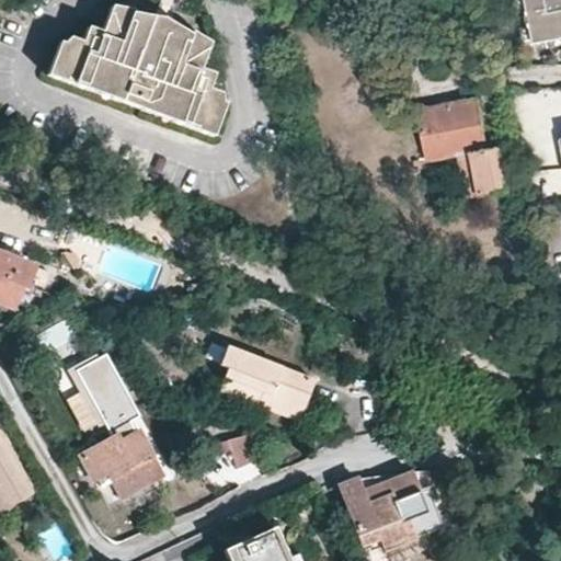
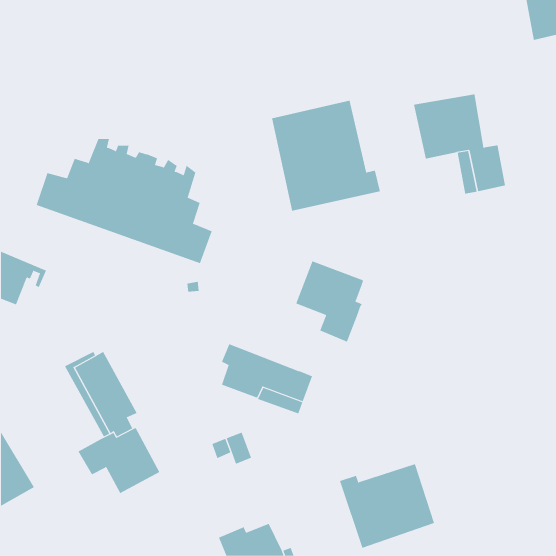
building: [49,10,227,136] -> [36,139,212,264]
building: none -> [272,100,381,211]
building: none -> [296,260,363,343]

